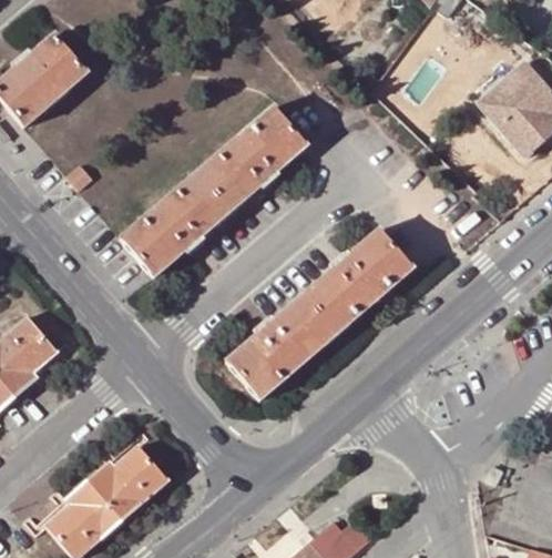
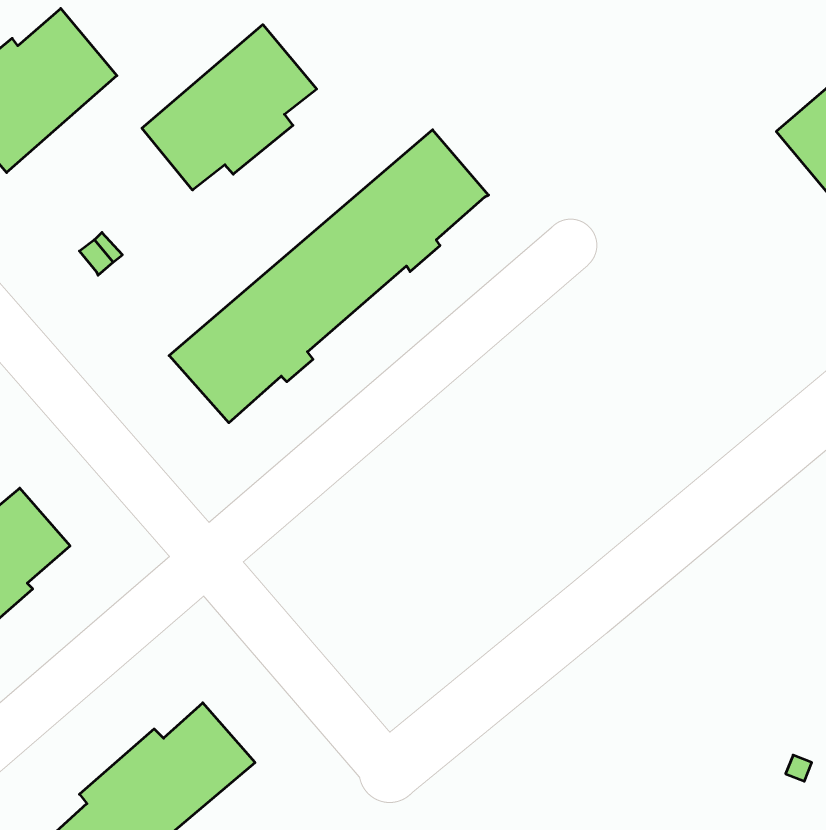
building: none -> [142,25,317,190]
building: [225,226,413,402] -> none

